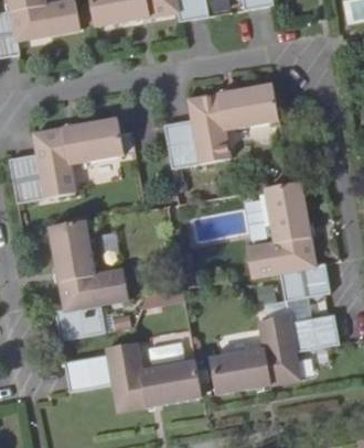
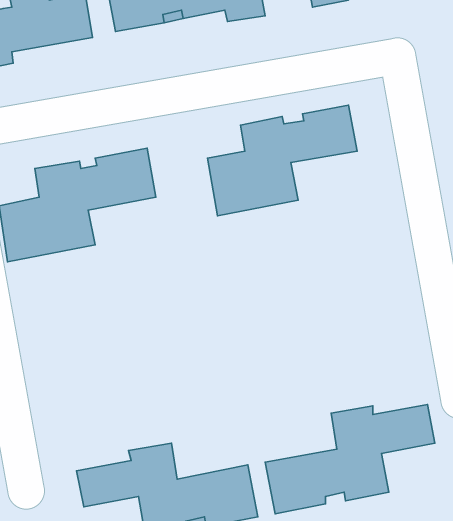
building: [249,181,331,299] -> none
building: [49,218,129,340] -> none

